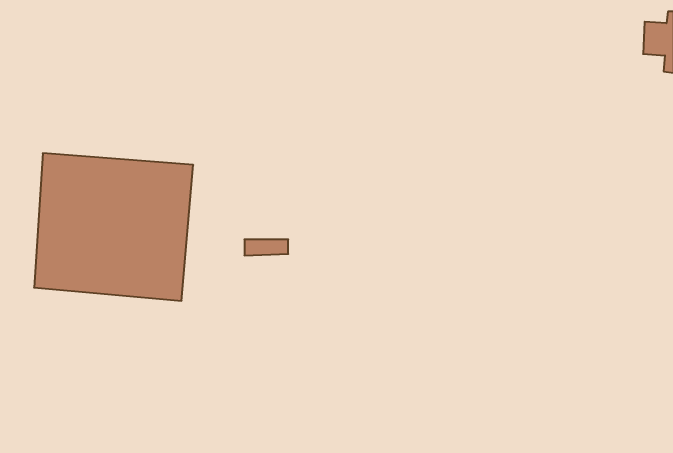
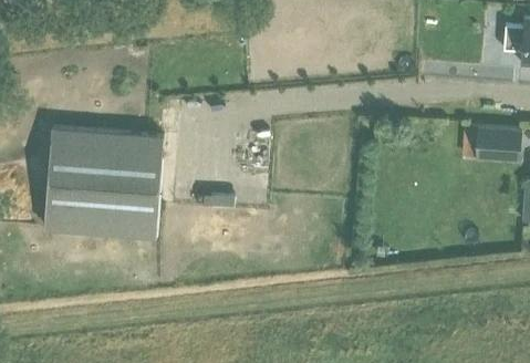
building: none -> [463,127,522,162]

